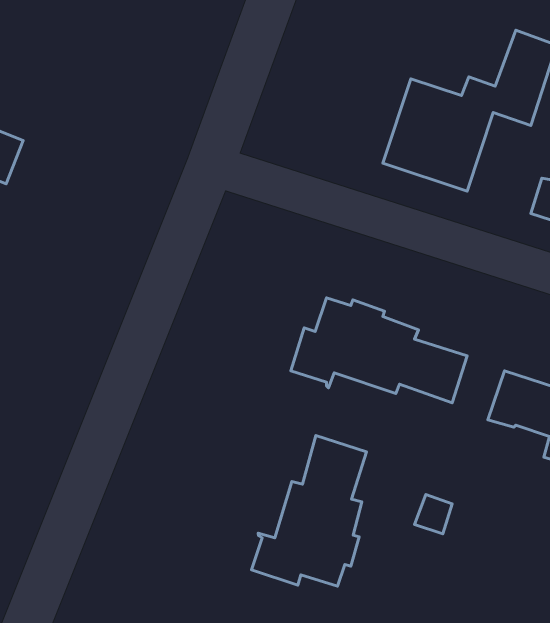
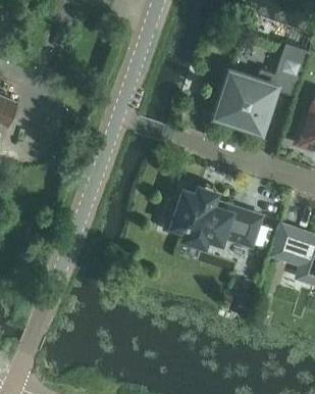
building: [252,436,366,586] -> none

